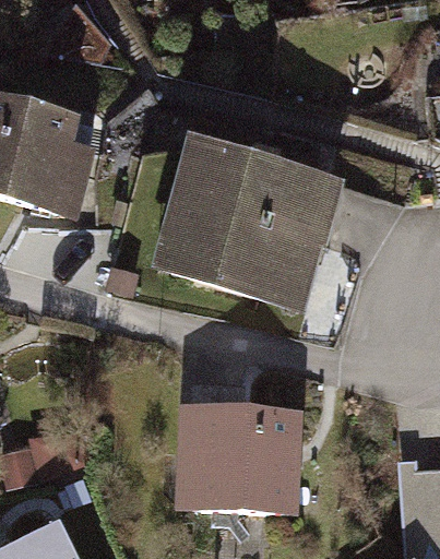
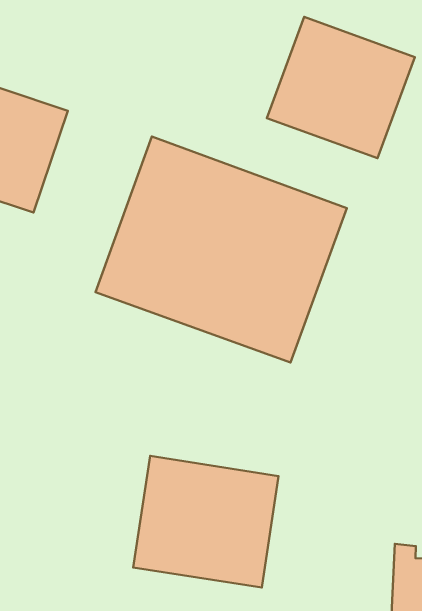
building: none -> [267,17,415,158]

